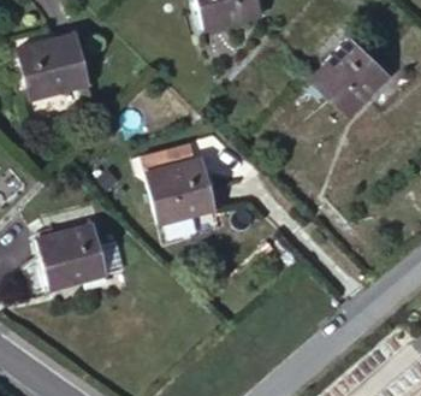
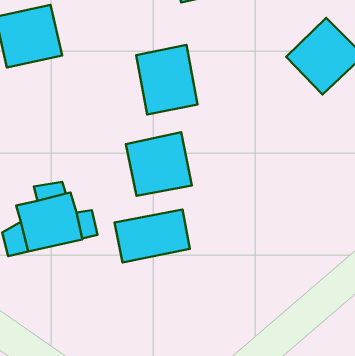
building: none -> [136,45,197,115]
building: none -> [115,210,190,263]

